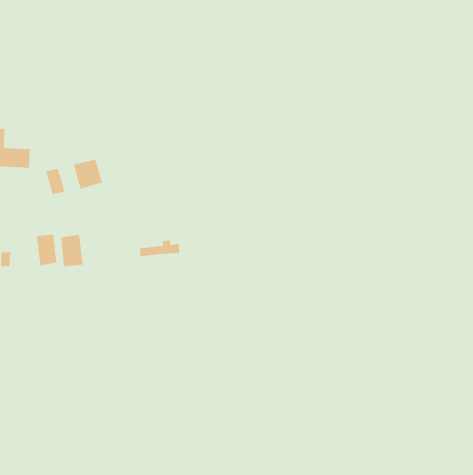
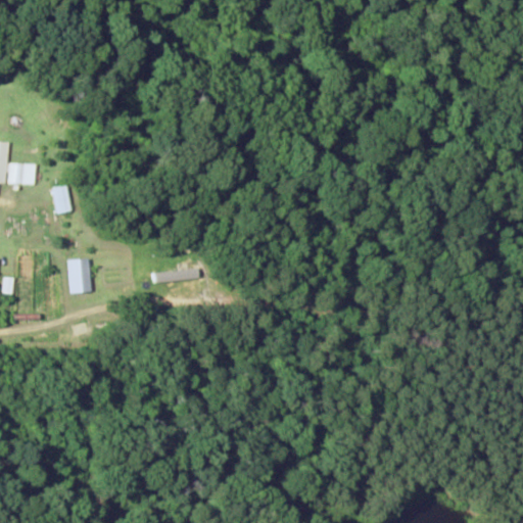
building: [73,159,103,190] -> none
building: [36,234,57,266] -> none

